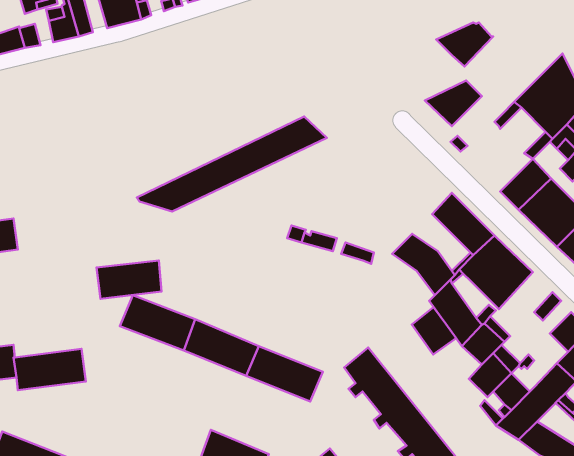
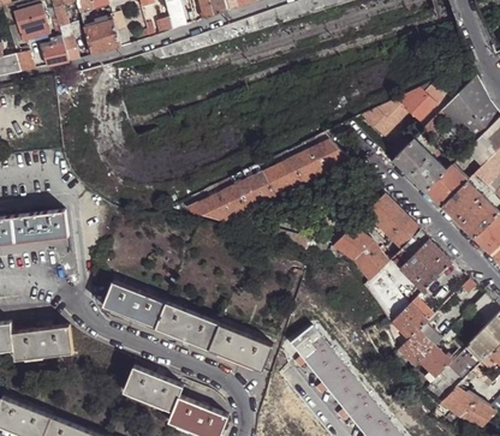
building: [436,22,493,66] -> [395,85,444,123]
building: [137,116,327,212] -> [187,141,349,221]
building: none -> [393,139,446,193]
building: [96,260,162,299] -> [12,210,67,243]
building: [412,307,456,354] -> none
building: none -> [124,365,184,412]

